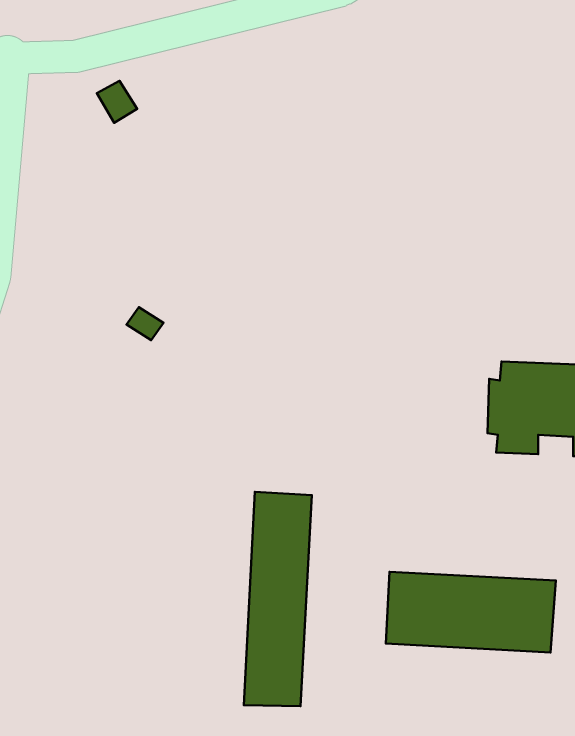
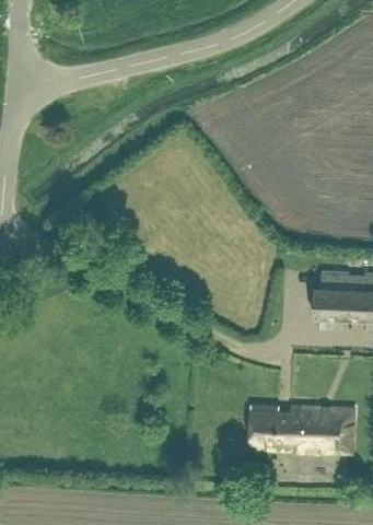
building: [244,492,312,706] -> none

